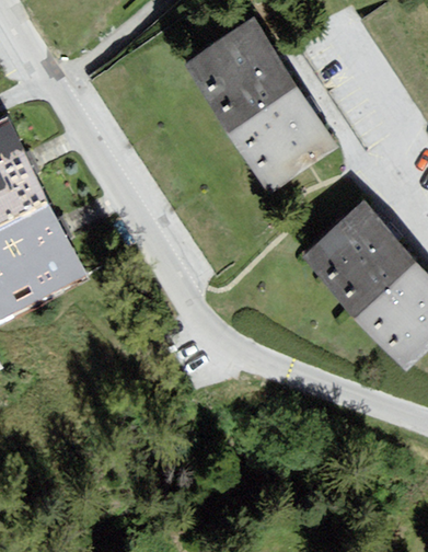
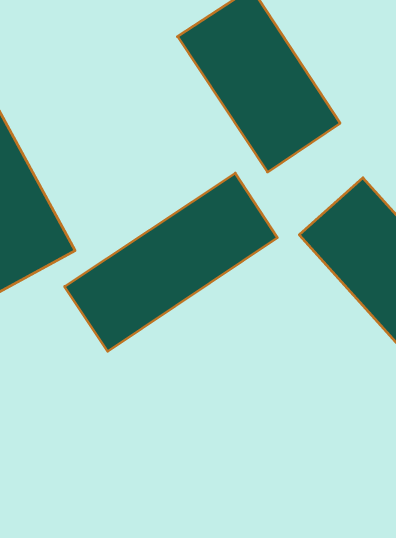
building: none -> [65,173,277,351]

